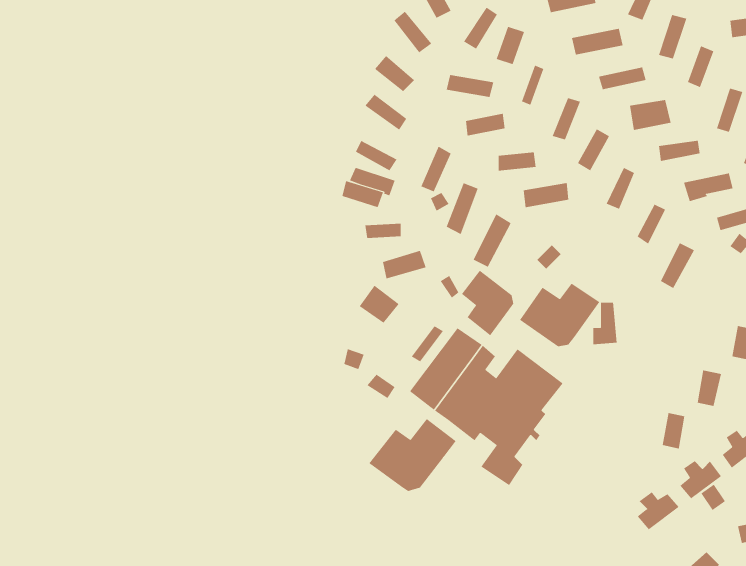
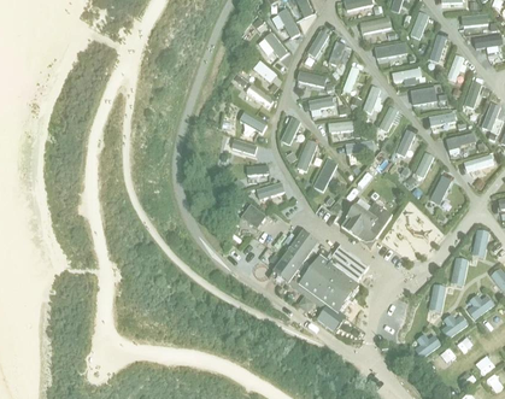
building: [461,270,514,336] -> none
building: [369,418,456,492] -> none

